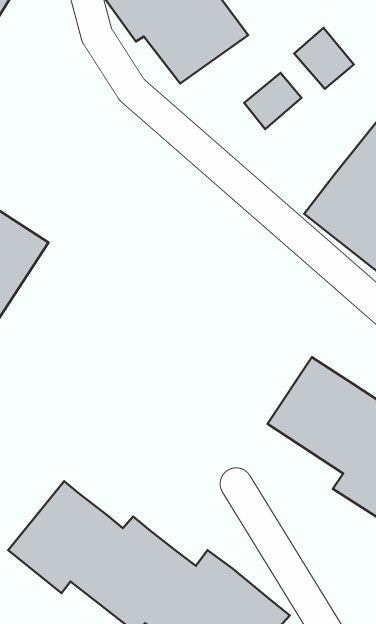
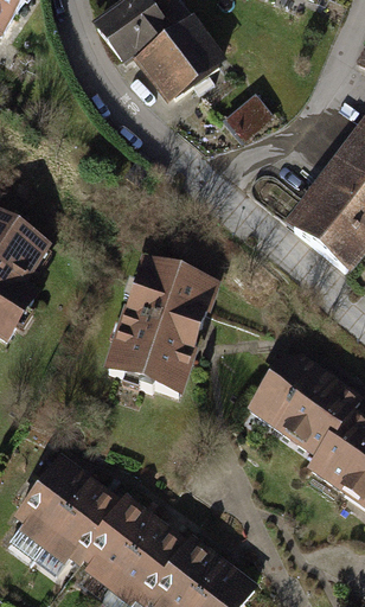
building: [294,28,354,89] -> none
building: none -> [102,257,217,391]

